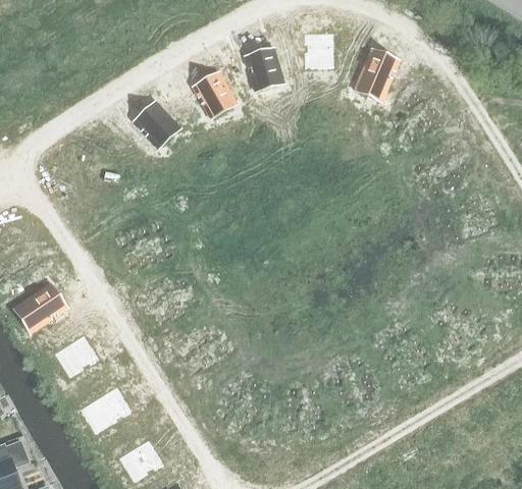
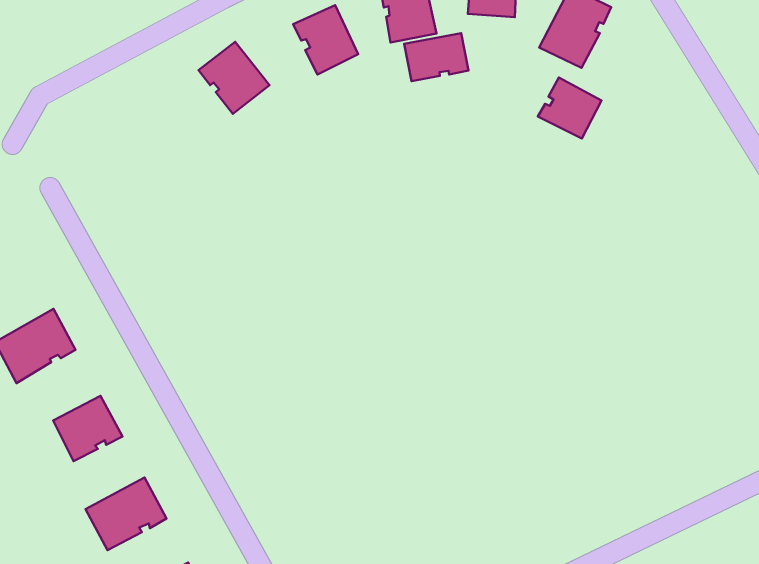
building: none -> [404,33,468,81]
building: none -> [538,77,602,139]

